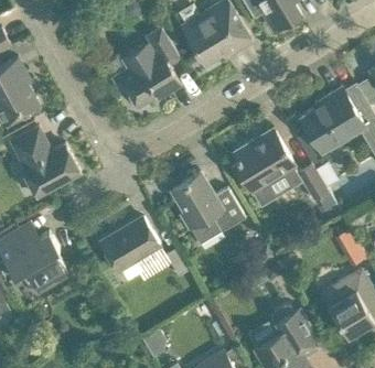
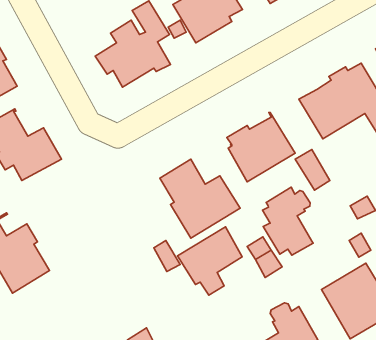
building: none -> [263,187,313,255]
building: [100,218,160,281] -> [178,227,242,295]

